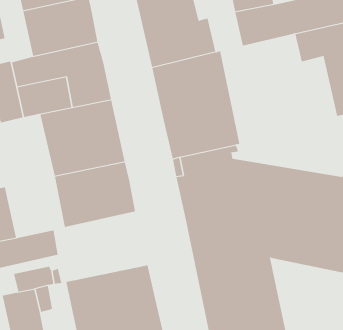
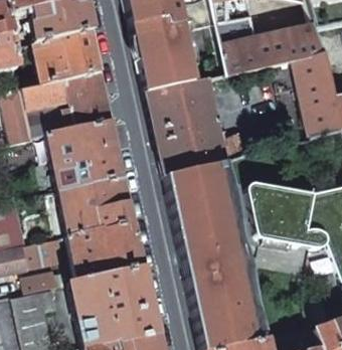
building: none -> [68,220,143,281]

